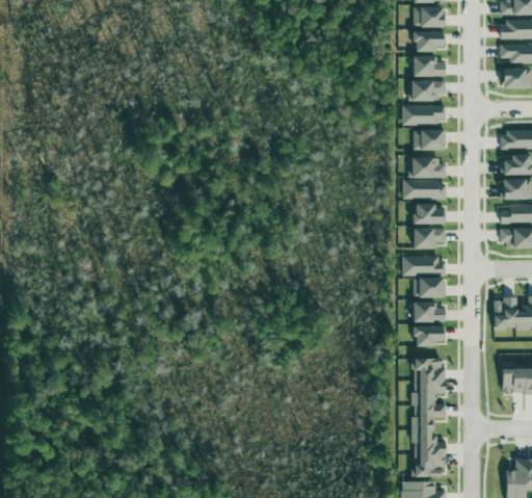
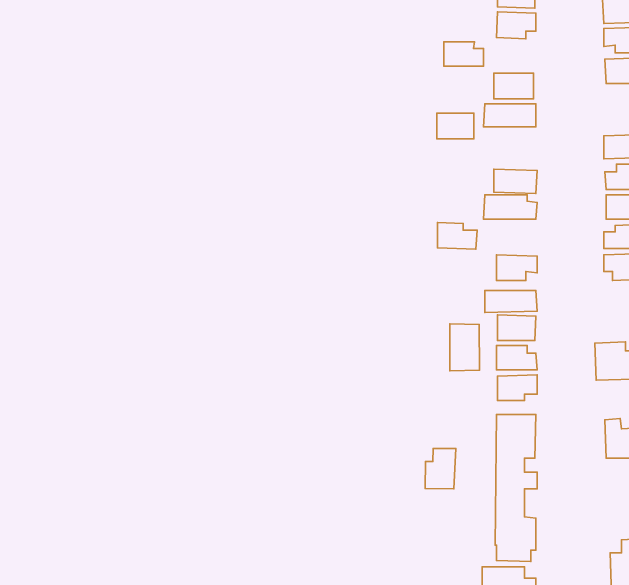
building: [413,56,445,76] -> [444,42,484,66]
building: [414,129,444,150] -> [437,113,474,139]
building: [414,203,446,225] -> [437,222,477,249]
building: none -> [450,324,479,371]
building: none -> [425,448,456,489]

